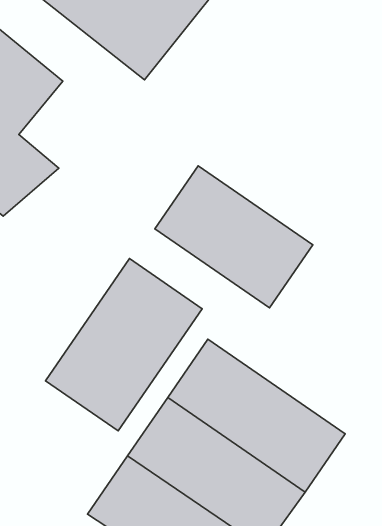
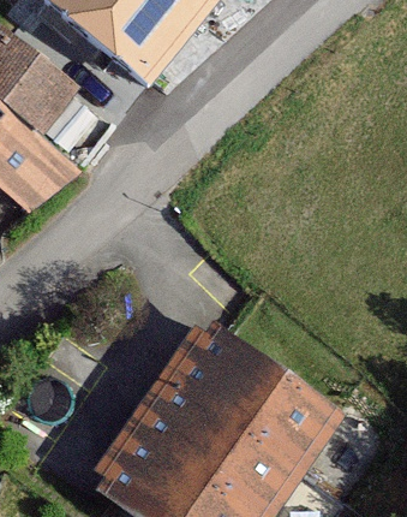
building: [155,166,313,308] -> none
building: [46,259,202,431] -> none

